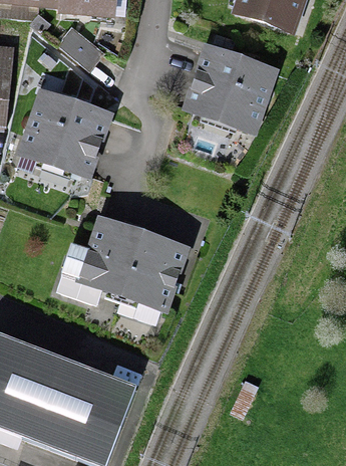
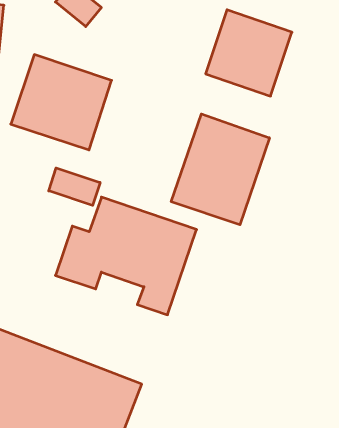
building: none -> [171,114,269,225]
building: none -> [49,168,100,205]

